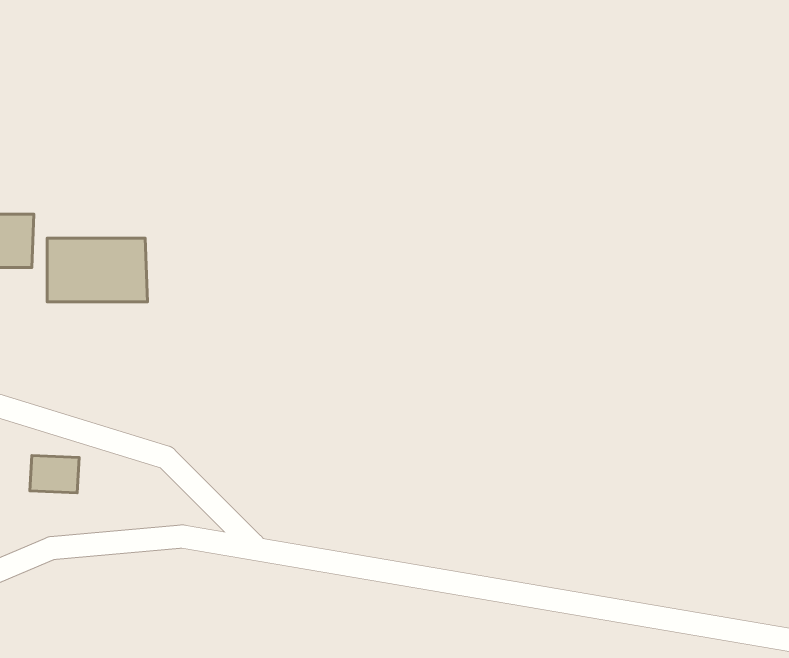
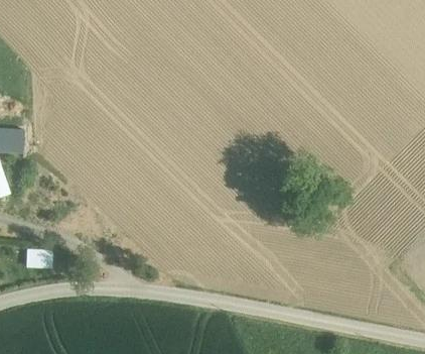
building: [47,238,148,302] -> none

